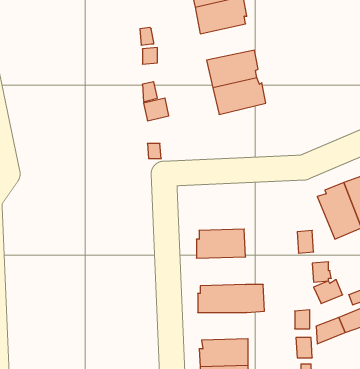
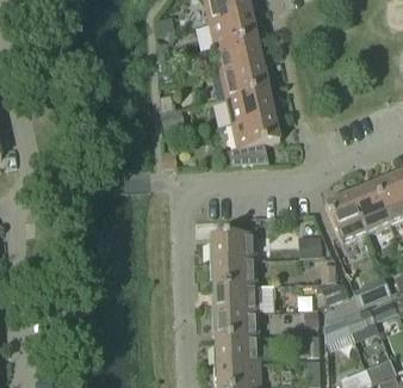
building: none -> [213,37,265,72]
building: none -> [227,112,280,164]
building: none -> [210,258,256,285]
building: none -> [211,310,259,337]

